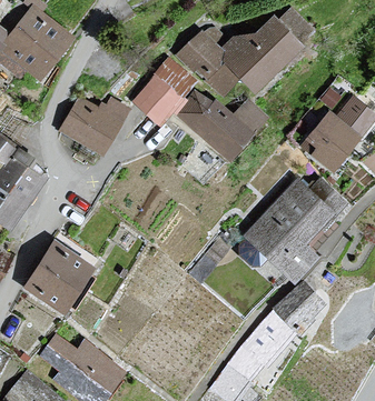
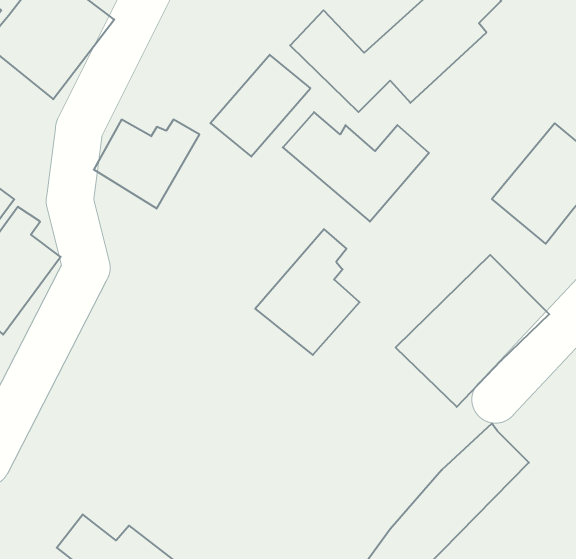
building: none -> [255,229,360,355]
building: [24,240,95,311] -> none

